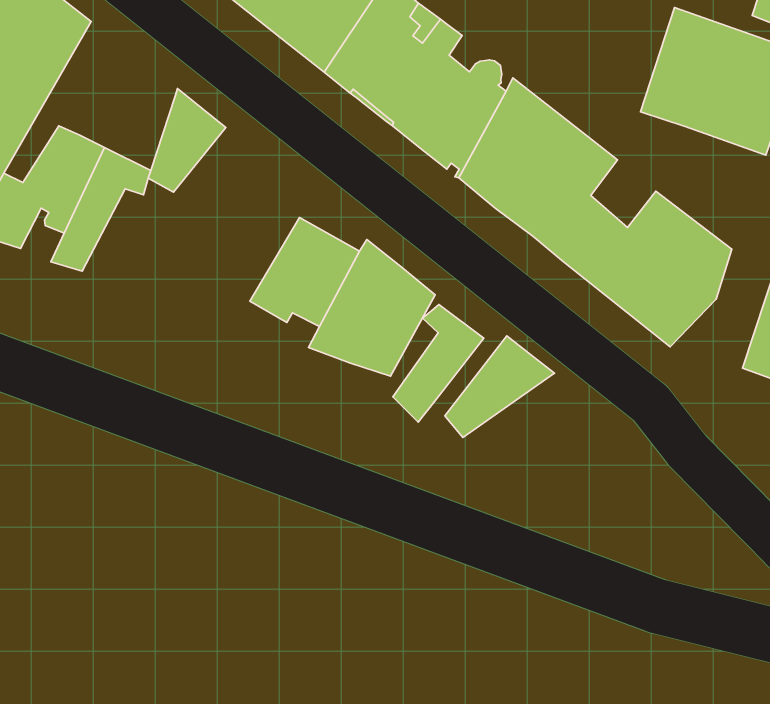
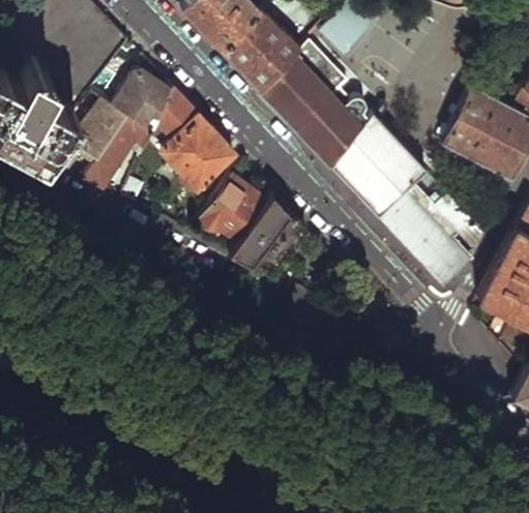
building: none -> [113,74,172,135]
building: none -> [160,117,235,192]
building: [393,304,484,422] -> none
building: [445,336,554,437] -> none

